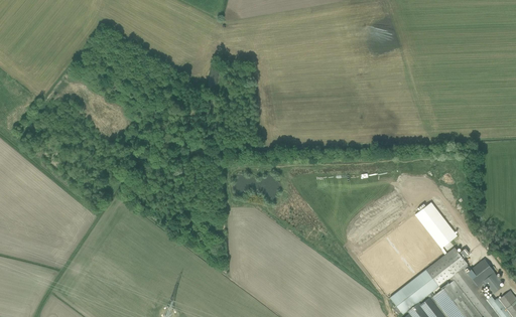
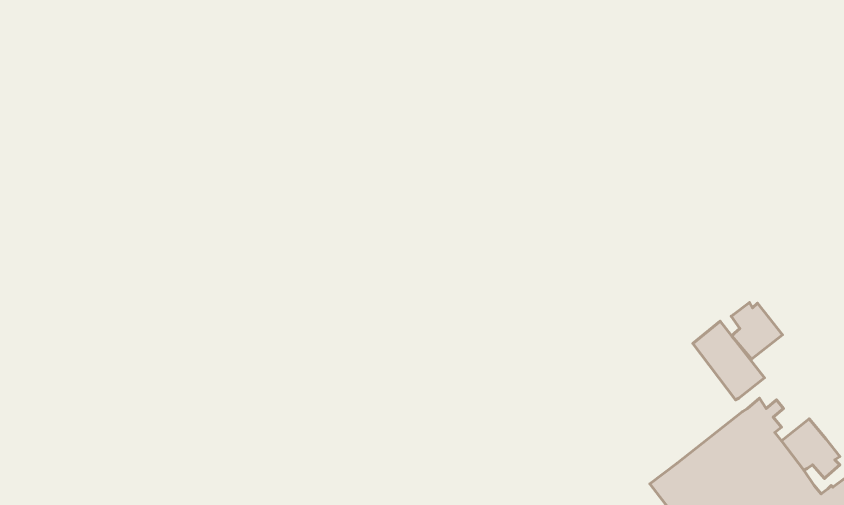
building: none -> [731,303,782,359]

